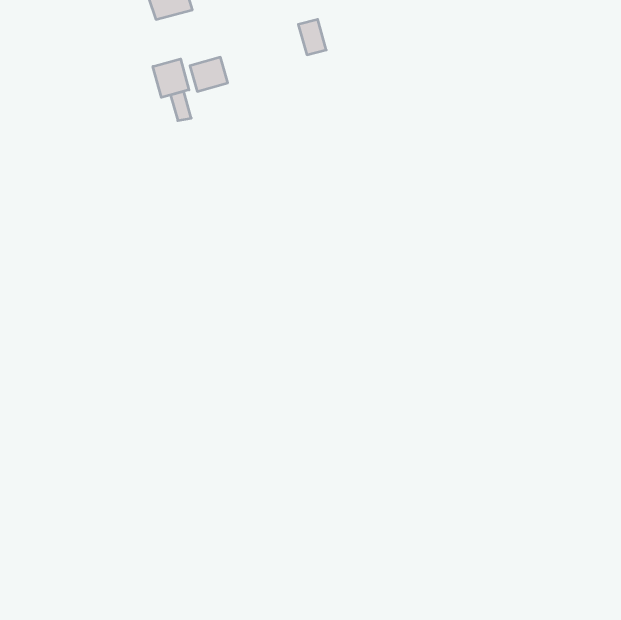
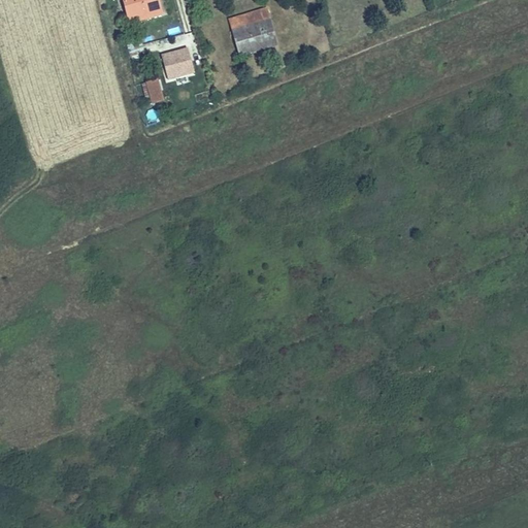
building: none -> [233,21,260,53]
building: [153,59,189,97] -> none

